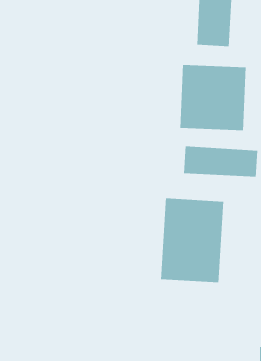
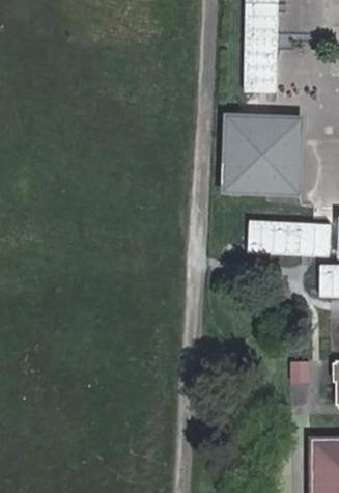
building: [161,198,224,283] -> none

